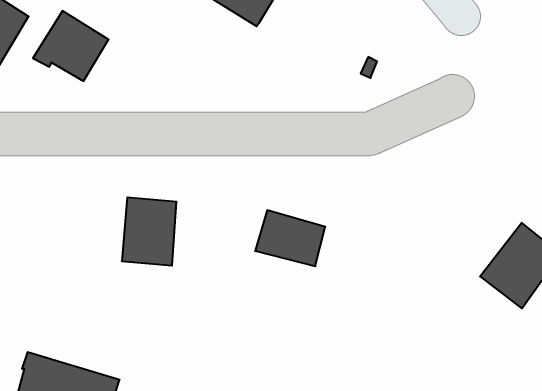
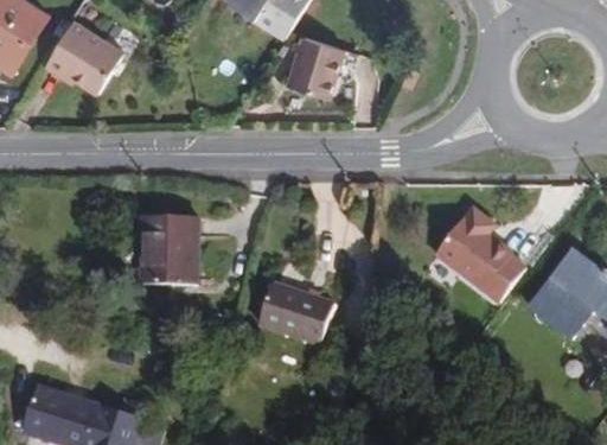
building: none -> [290,36,346,95]
building: none -> [430,208,528,305]
building: [255,210,325,266] -> [258,287,334,348]

